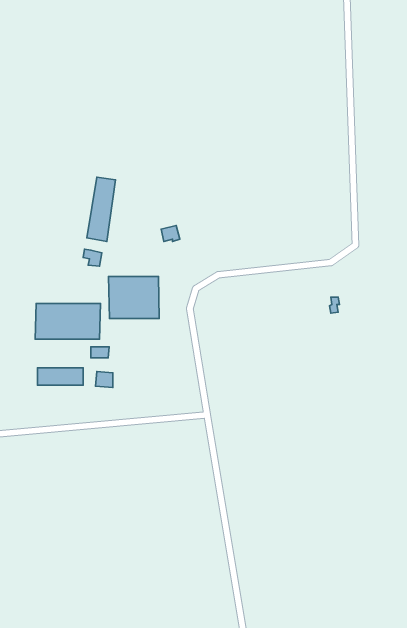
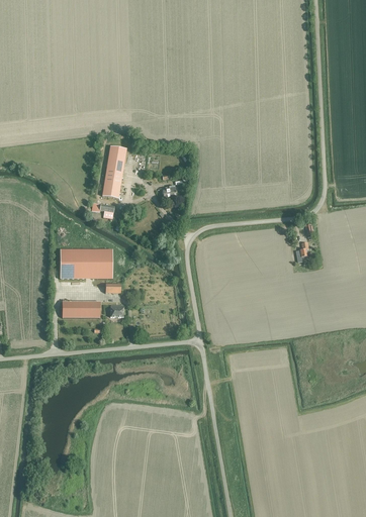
building: [109,277,159,319] -> none

